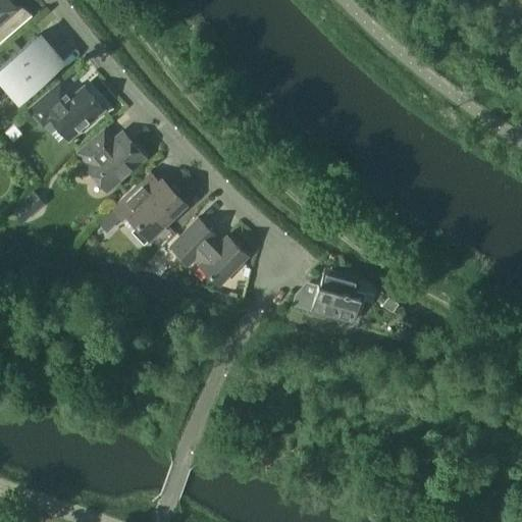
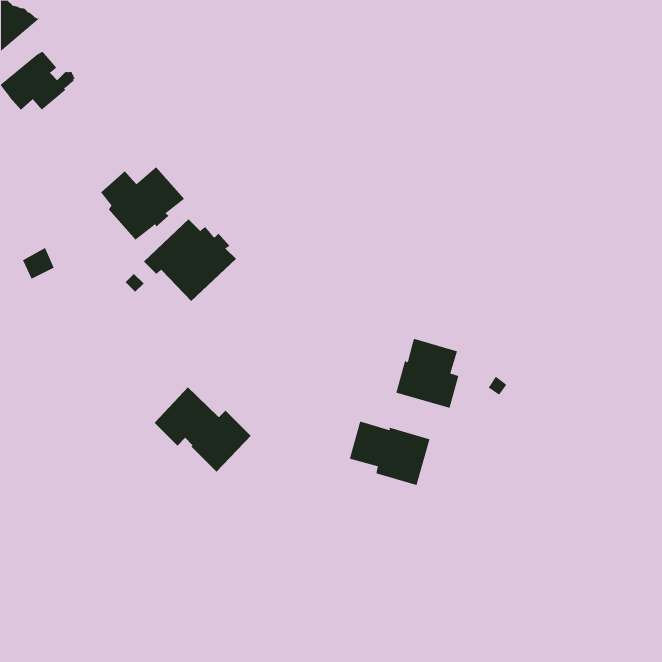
building: [30,88,104,147] -> none
building: [172,218,249,285] -> [154,387,251,472]
building: none -> [349,421,430,486]

